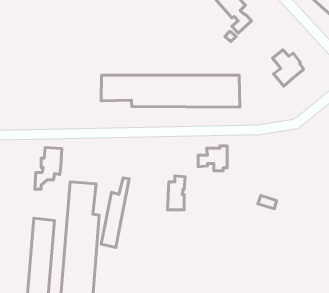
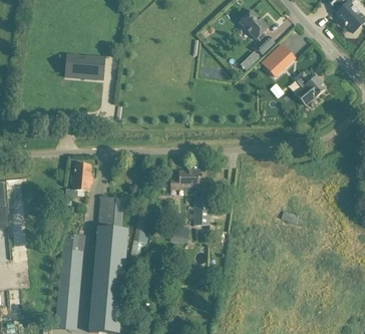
building: none -> [267,43,295,75]
building: none -> [75,54,109,77]
building: [101,75,240,107] -> none
building: [198,146,227,171] -> [170,169,199,193]

